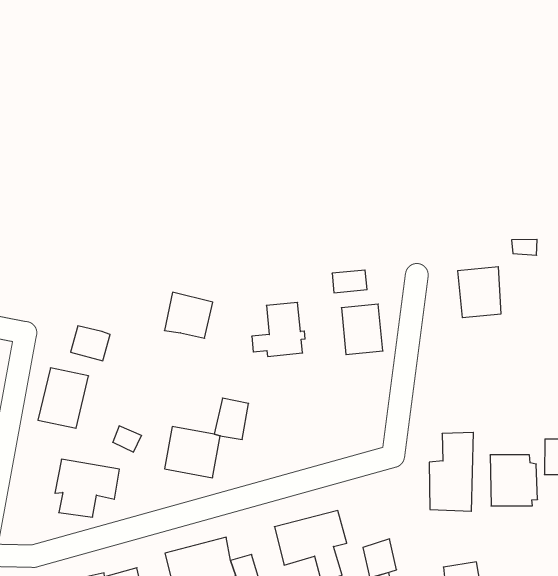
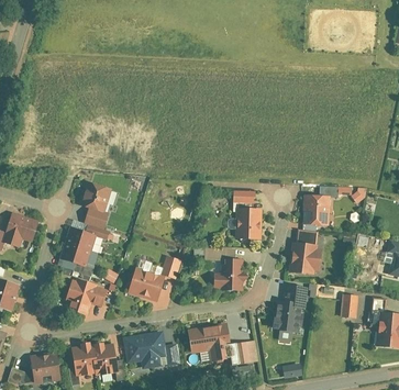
building: [164,292,213,338] -> [80,182,109,210]
building: [252,302,305,356] -> [213,260,243,289]
building: [490,455,538,506] -> [292,241,320,271]

